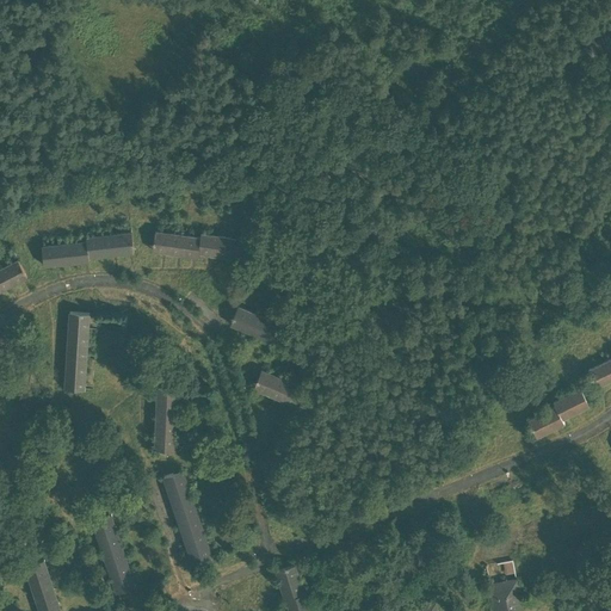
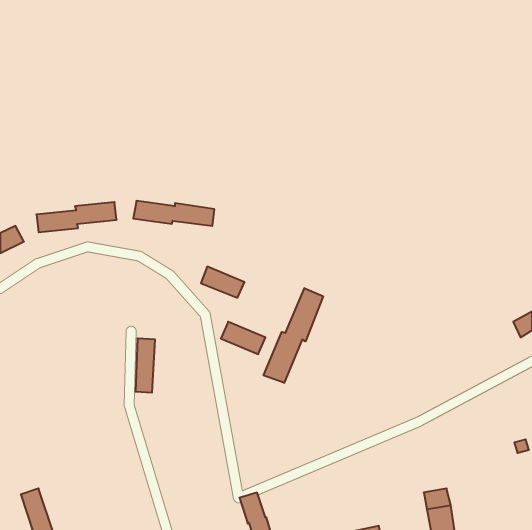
building: [64,314,90,391] -> none
building: none -> [264,288,323,383]
building: [527,390,590,438] -> none
building: [163,473,211,564] -> none
building: [92,517,135,595] -> none

